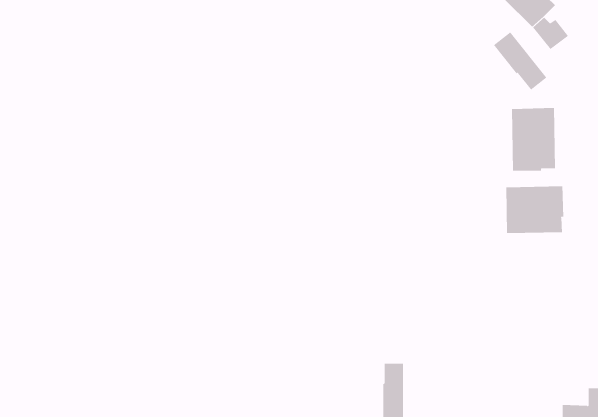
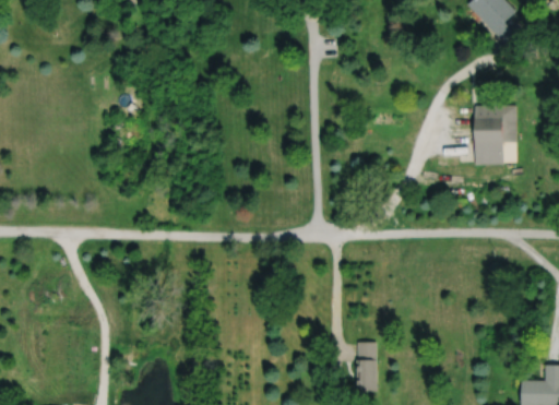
building: [493,31,547,91] -> none
building: [506,186,564,234] -> none

